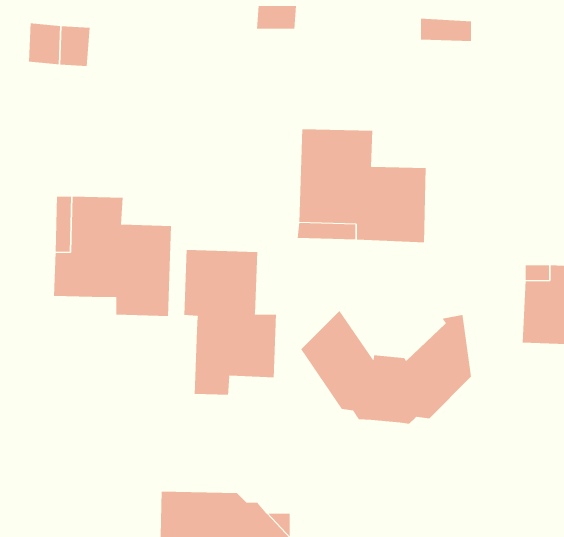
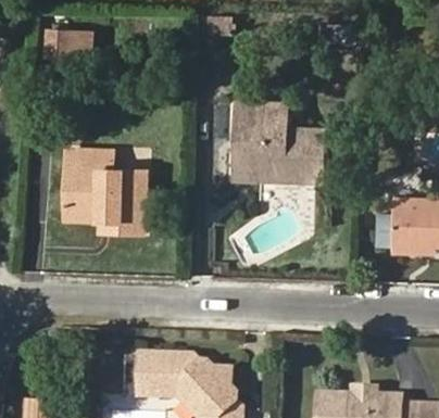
building: [184,249,276,396] -> none
building: [301,310,472,424] -> none

